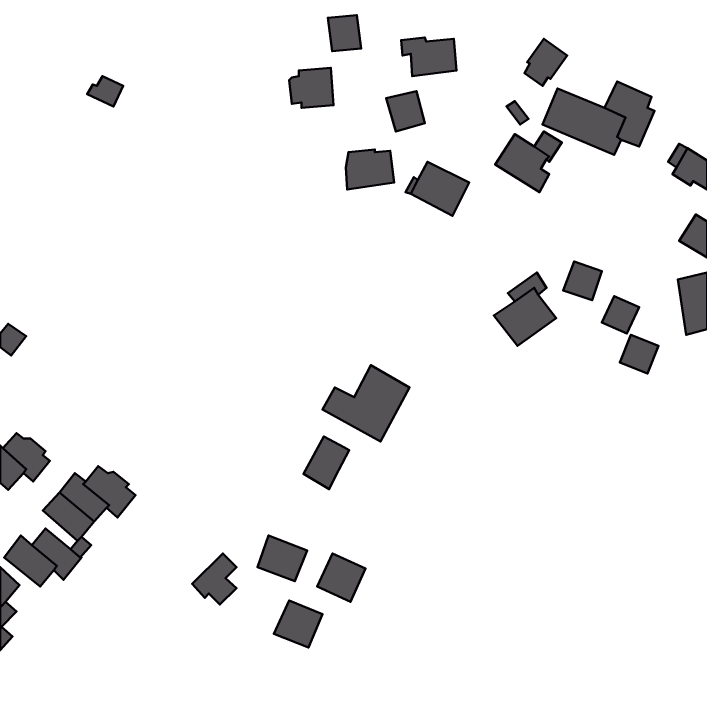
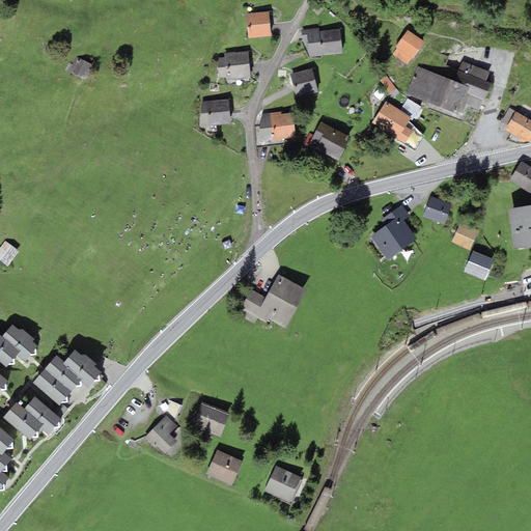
building: none -> [199,99,230,127]
building: [303,436,349,489] -> none
building: [317,553,366,602] -> [264,466,301,502]

